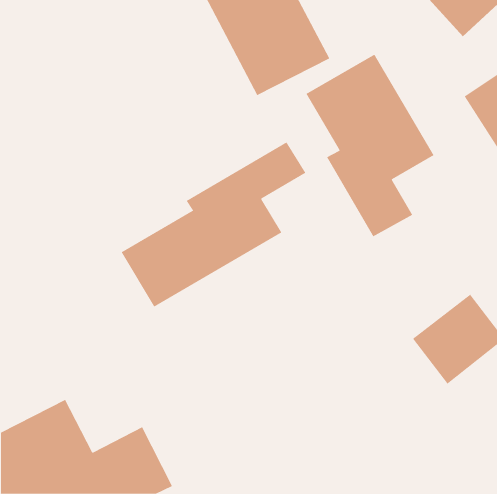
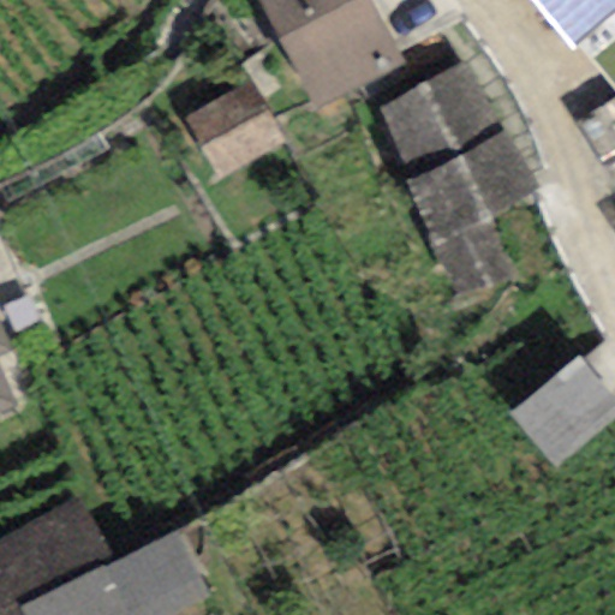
building: none -> [184,78,285,177]
building: [121,142,306,308] -> none

